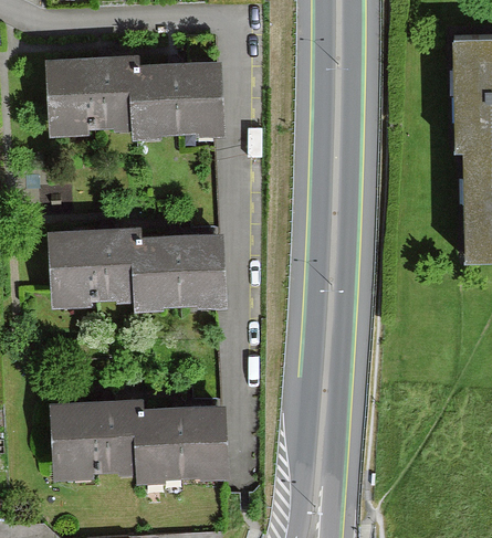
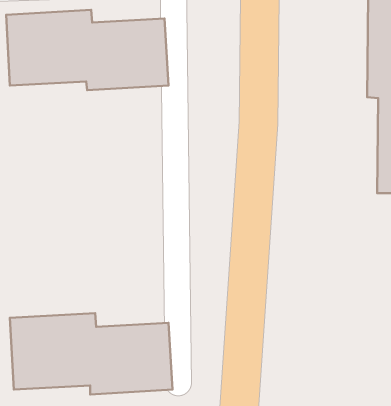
building: [49,224,233,315] -> none

